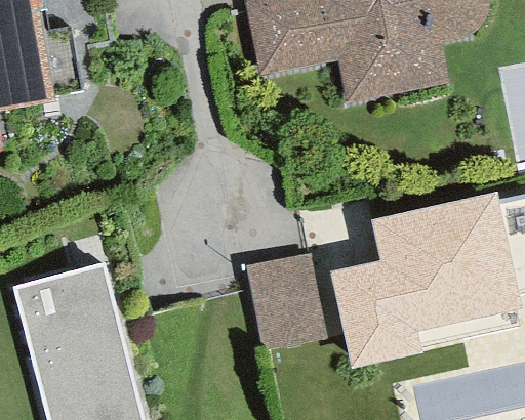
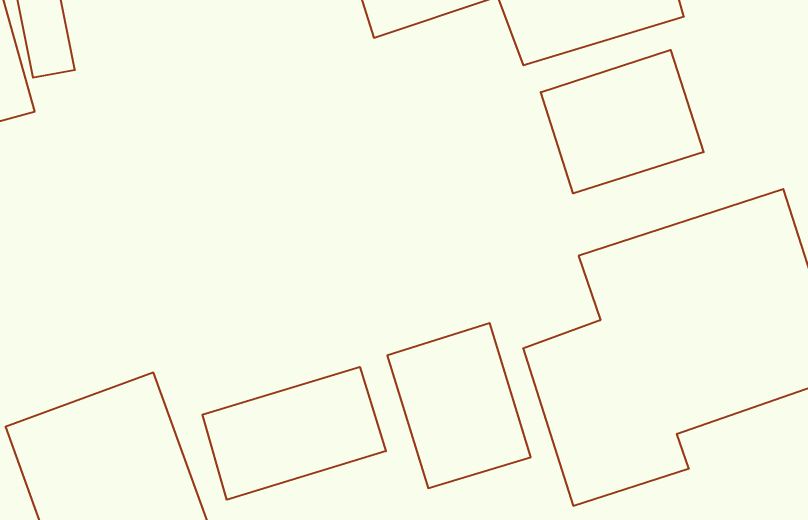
building: none -> [541,50,704,193]
building: none -> [202,367,386,500]

